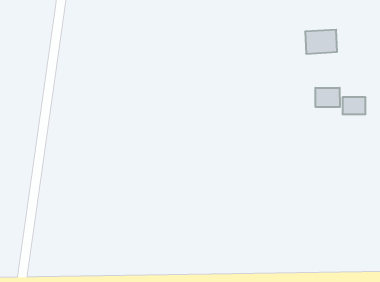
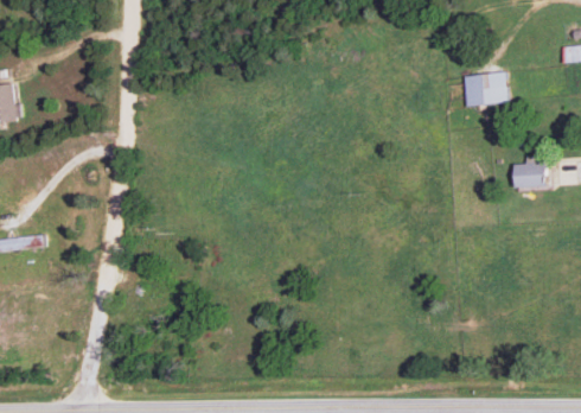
building: [315,88,340,107] -> none

